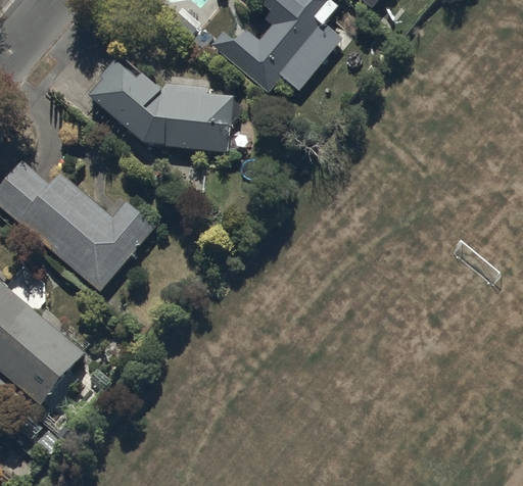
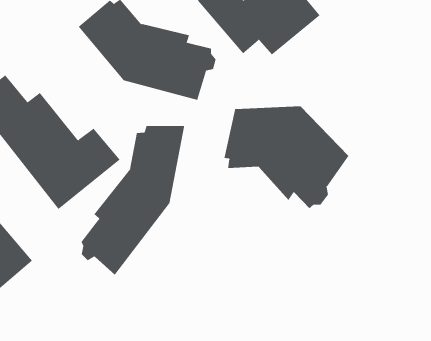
building: none -> [224,106,349,209]
building: none -> [81,125,185,276]

